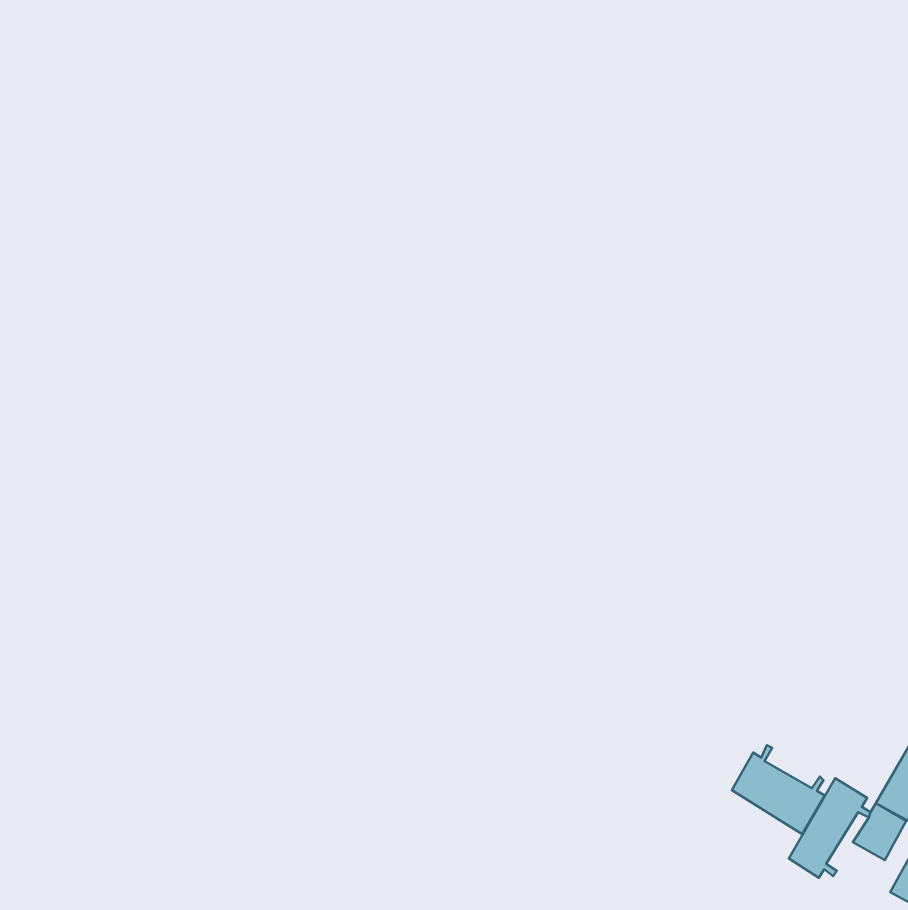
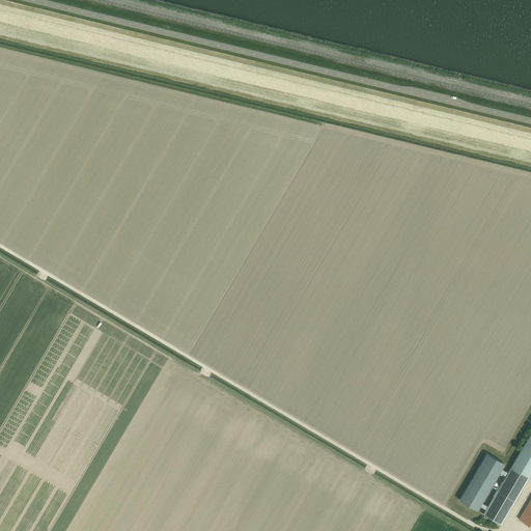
building: [732,745,825,834] -> none
building: none -> [484,491,516,525]

